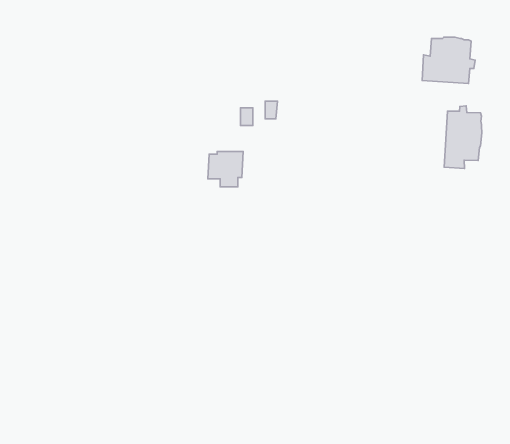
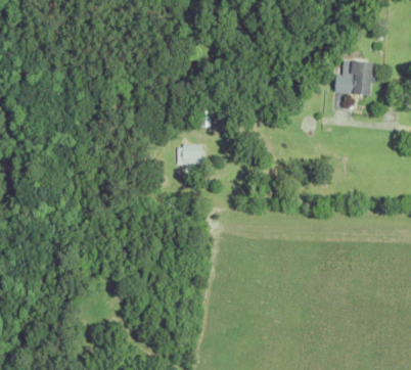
building: [444,106,482,168] -> none

